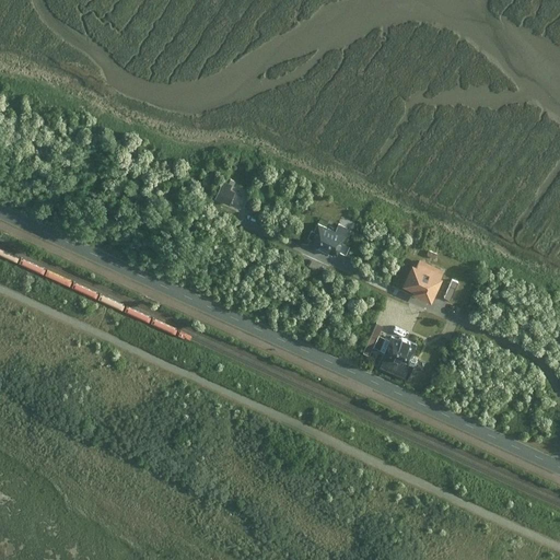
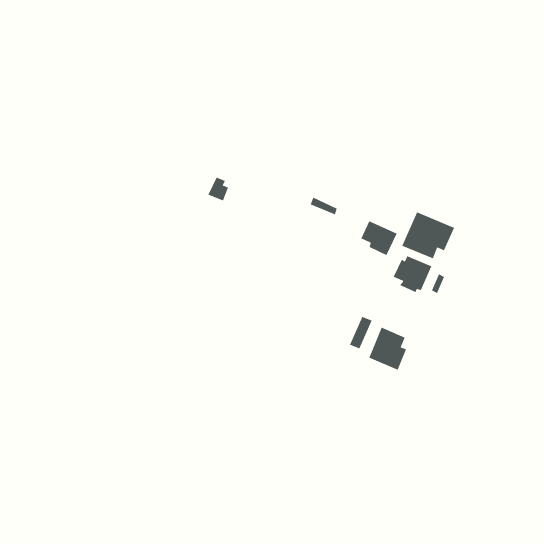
building: none -> [402,211,455,259]
building: [310,222,348,258] -> [360,221,398,256]

